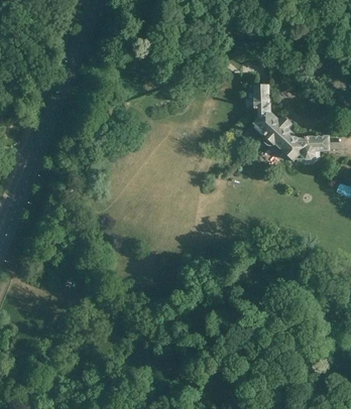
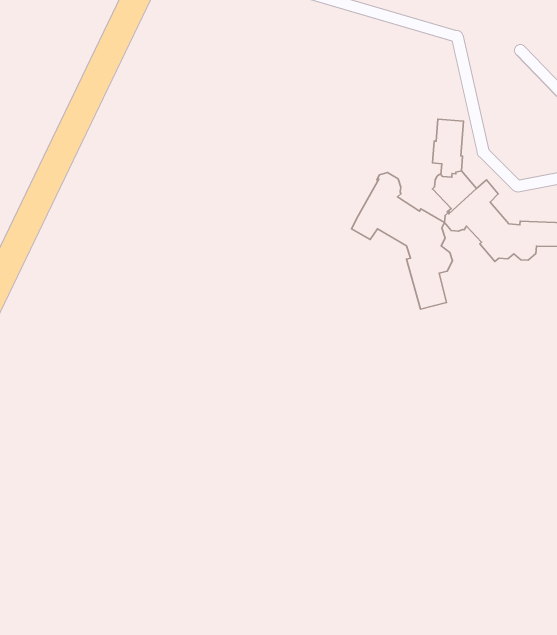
building: none -> [352,173,452,309]

